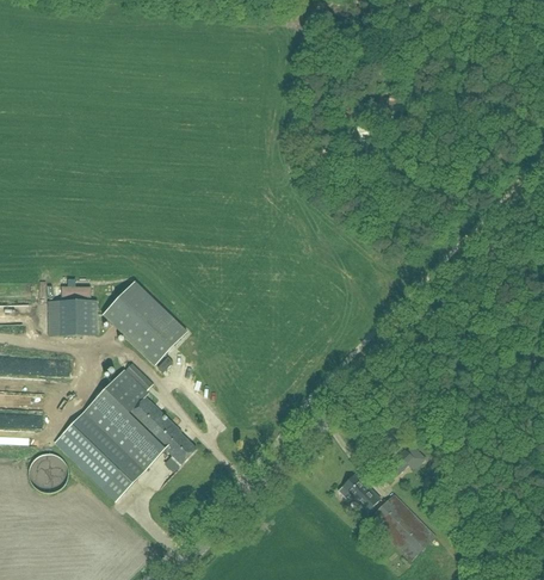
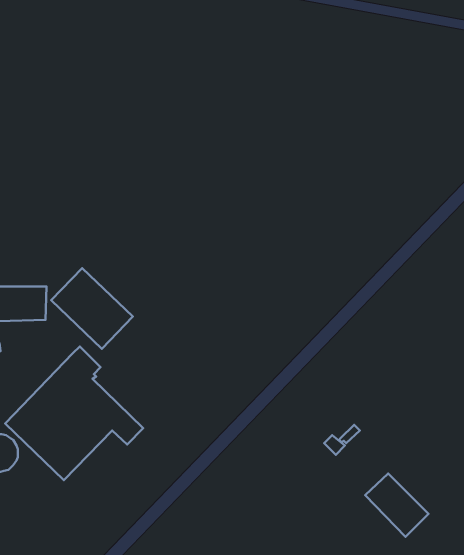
building: [341,474,379,510] -> none
building: [369,494,434,560] -> [365,473,428,537]

